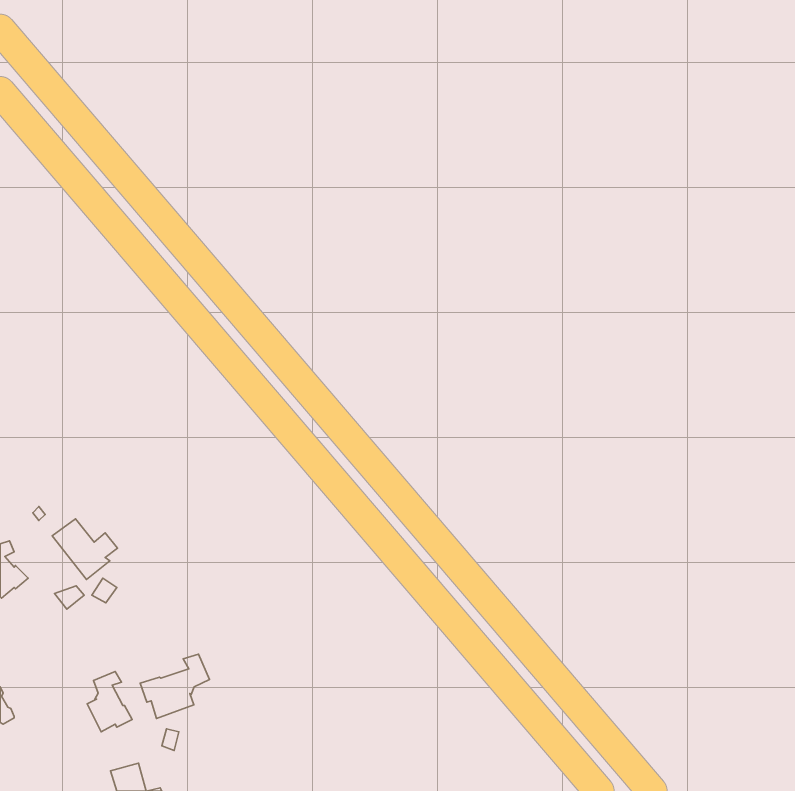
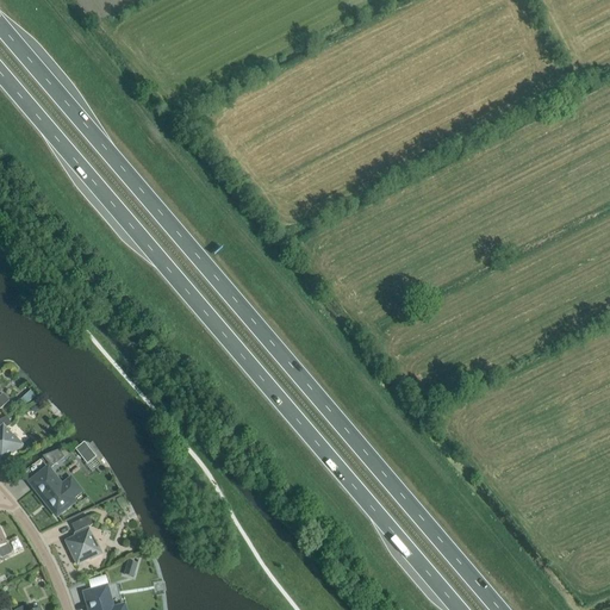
building: [52,519,117,579] -> [30,467,80,513]
building: [140,654,209,719] -> none

